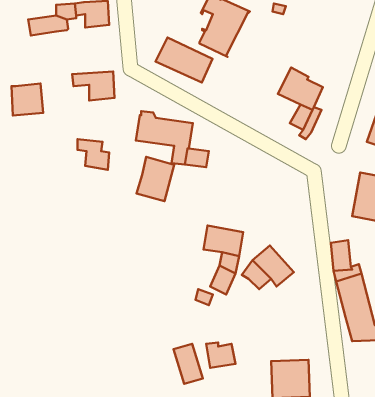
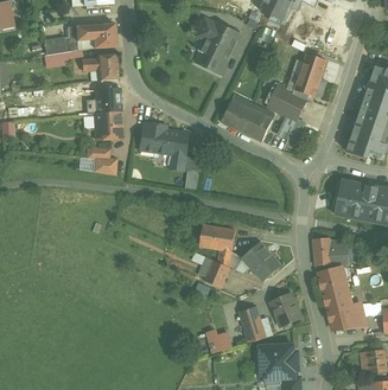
building: none -> [294,52,326,96]
building: none -> [82,53,117,79]
building: [155,37,213,83] -> [221,100,272,140]
building: [11,84,43,116] -> [94,110,122,139]
building: [136,157,174,201] -> none
building: none -> [267,292,301,328]
building: [174,344,203,384] -> [240,306,266,341]

